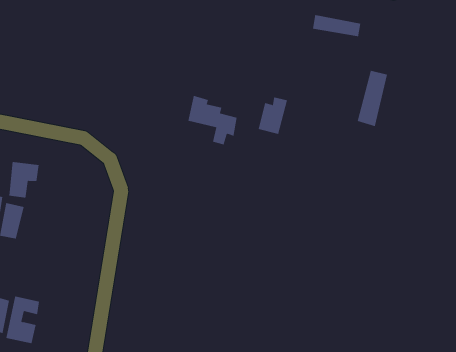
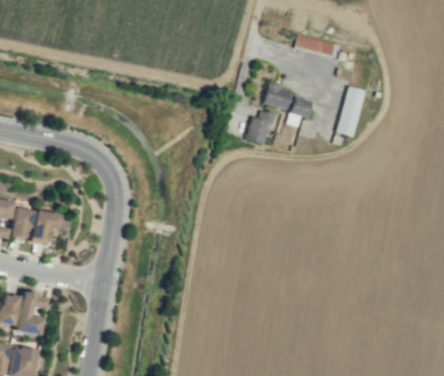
building: [188,95,238,145] -> [265,80,310,126]
building: [8,161,40,198] -> [32,210,61,243]

